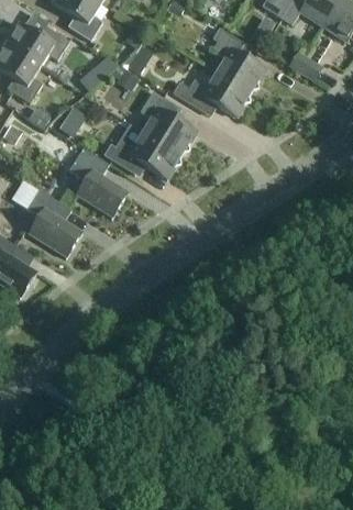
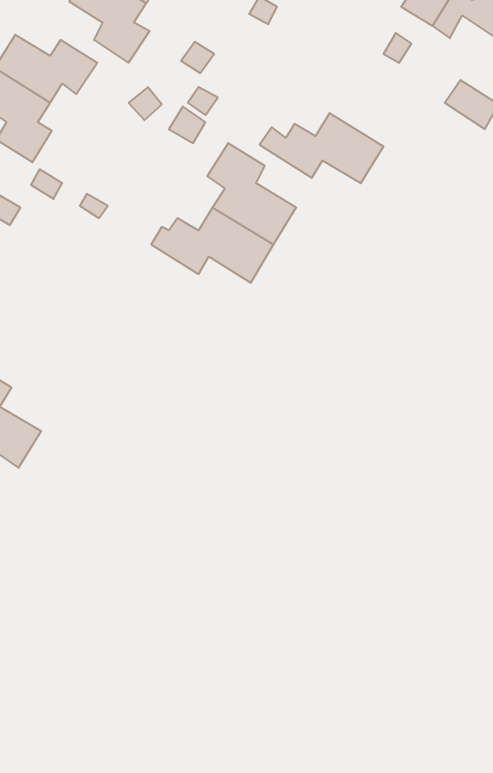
building: [212,26,265,92] -> none
building: [69,146,128,214] -> none
building: [26,188,82,255] -> none

